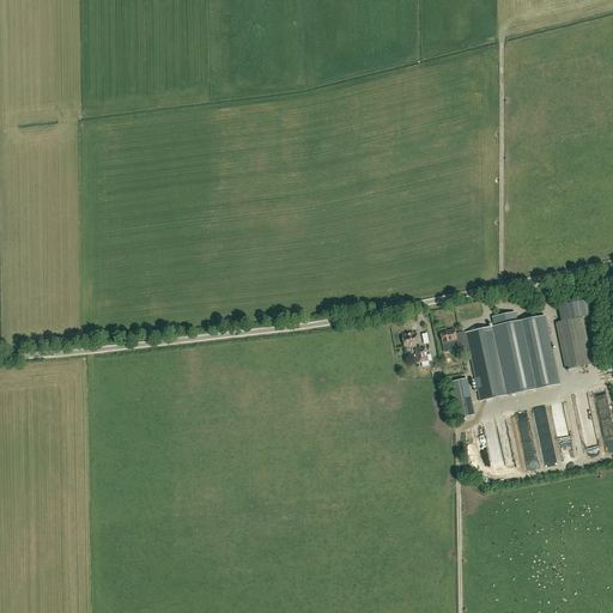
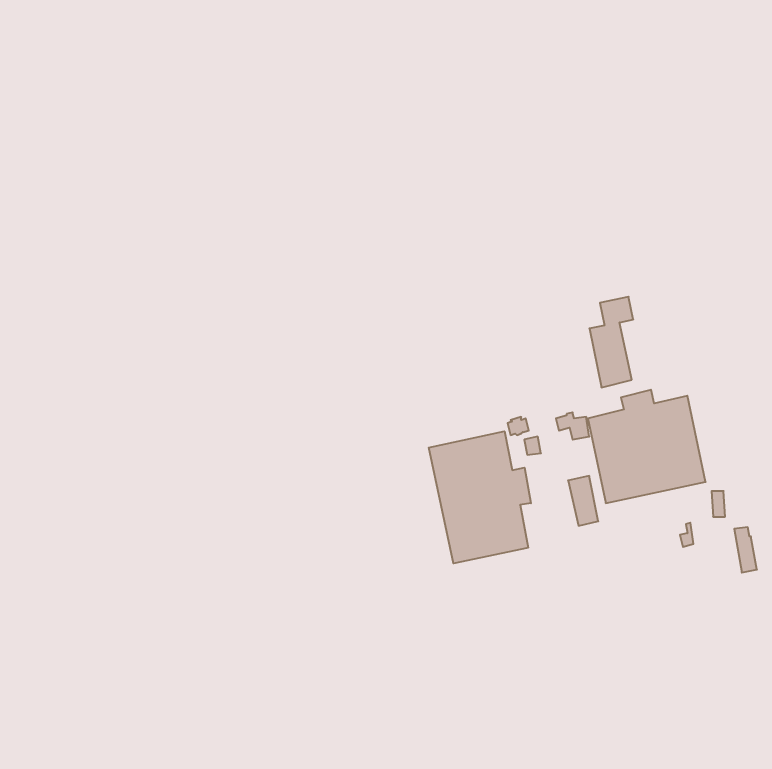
building: [556,296,590,368] -> [589,297,633,387]
building: none -> [429,431,531,563]

